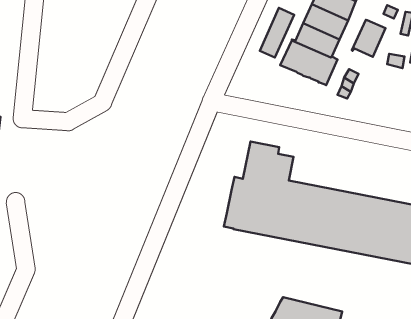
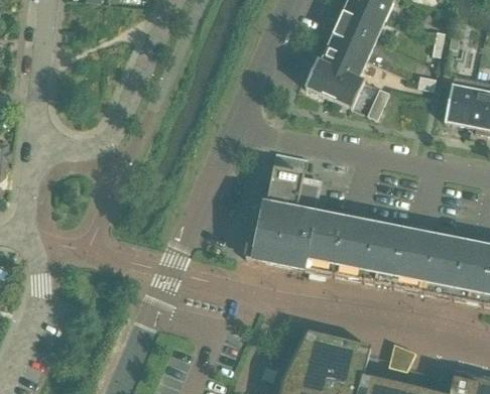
building: [260,8,294,58] -> none
building: [352,20,386,57] -> none

